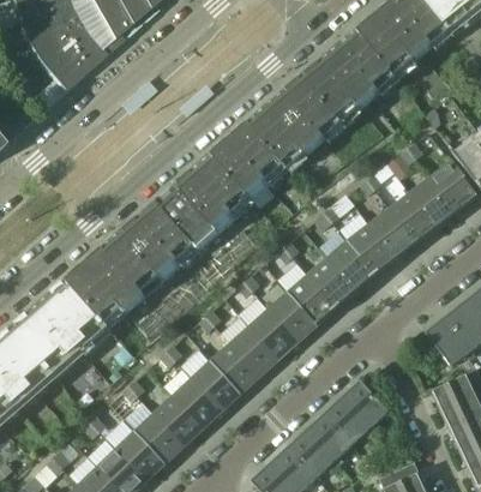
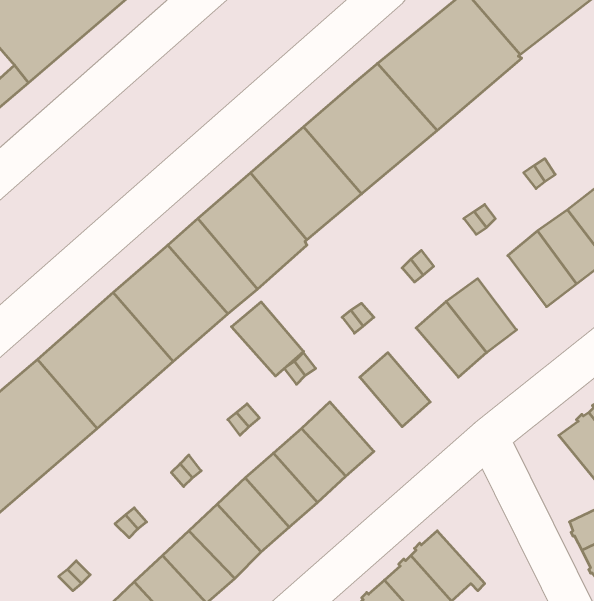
building: [368,209,415,259] -> none
building: [307,258,355,308] -> none
building: [267,292,317,342] -> [231,302,304,376]
building: [341,379,387,432] -> none

